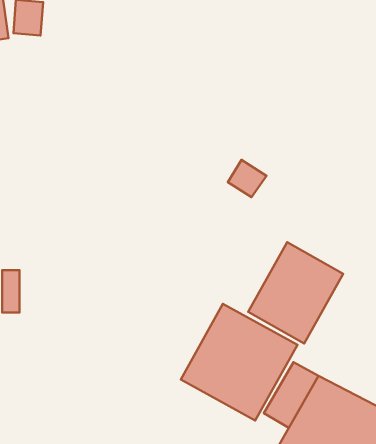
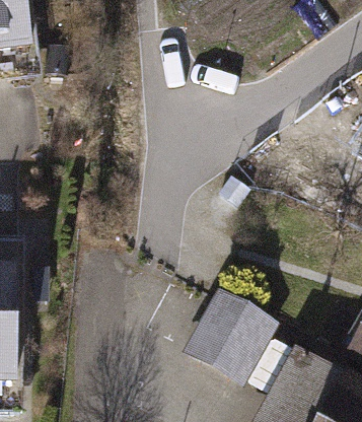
building: [248,242,343,344] -> none

